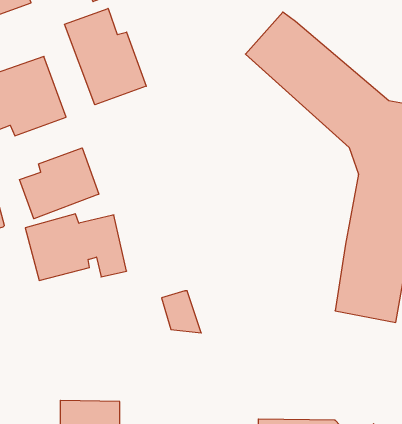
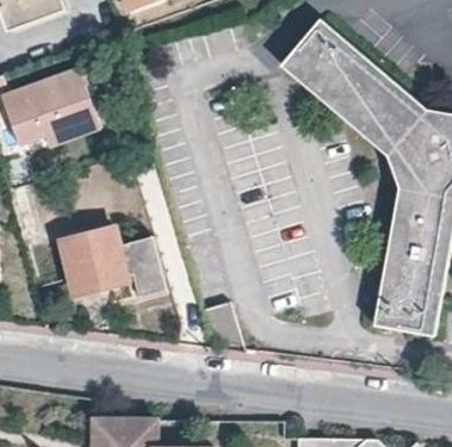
building: [65,8,146,105] -> none
building: [20,148,99,219] -> none

